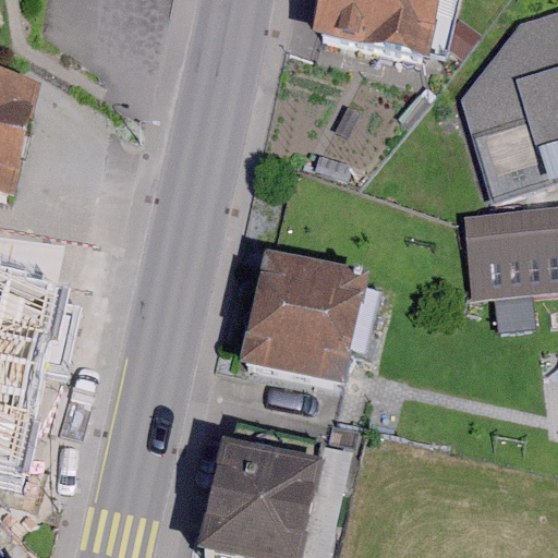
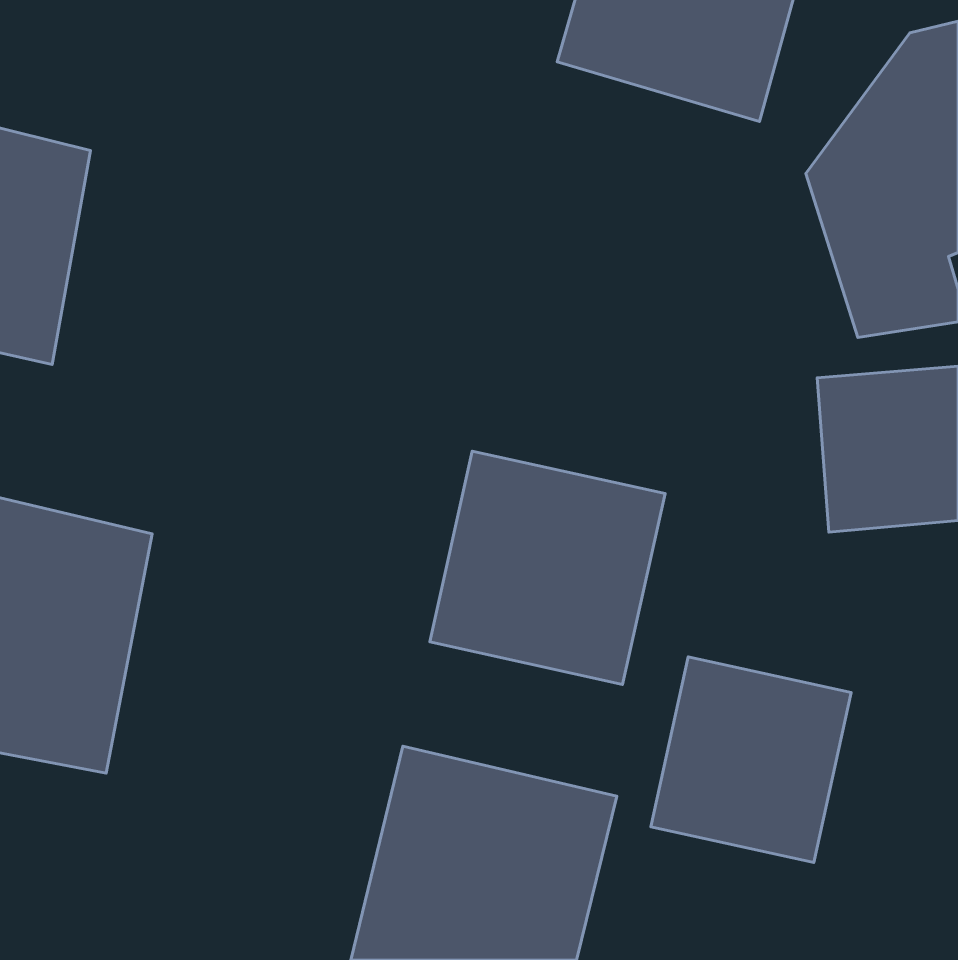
building: none -> [651,657,851,863]

